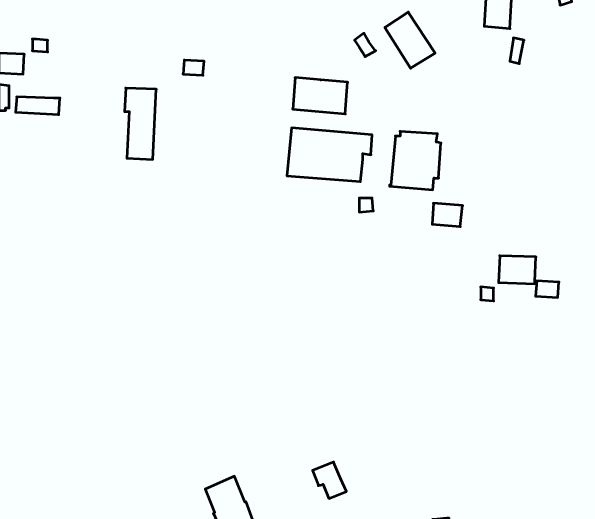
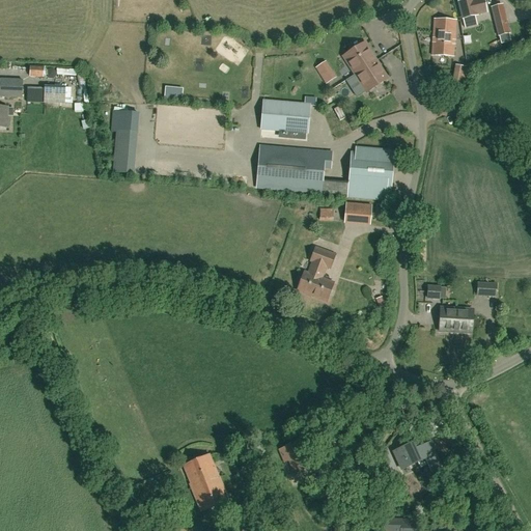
building: [16,97,60,115] -> [25,87,64,103]
building: [432,203,463,227] -> [344,202,371,223]
building: none -> [297,247,334,300]
building: [499,256,536,284] -> [439,307,472,332]
building: none -> [392,438,440,470]

